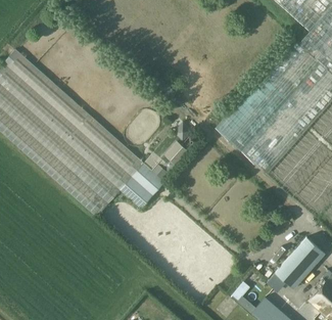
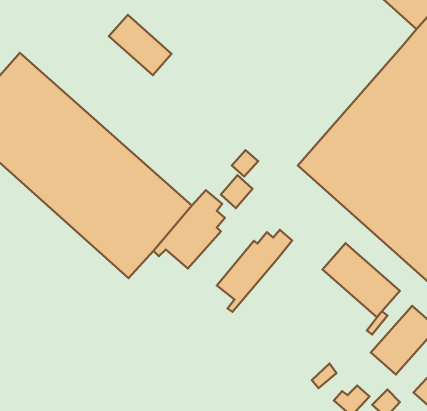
building: none -> [109,15,172,75]
building: none -> [217,230,292,312]
building: none -> [322,243,400,317]

